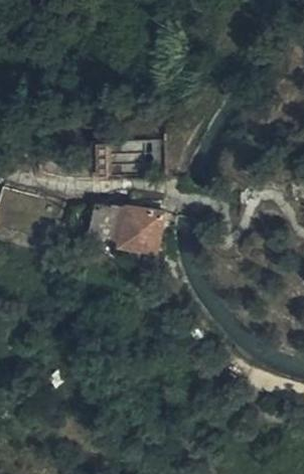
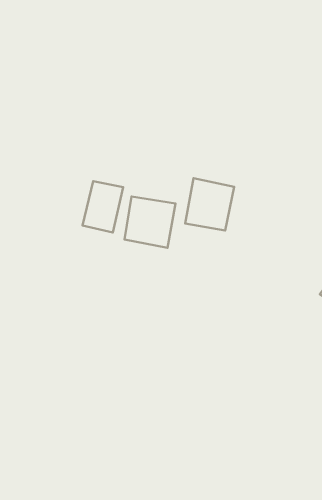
building: none -> [185,178,234,231]

